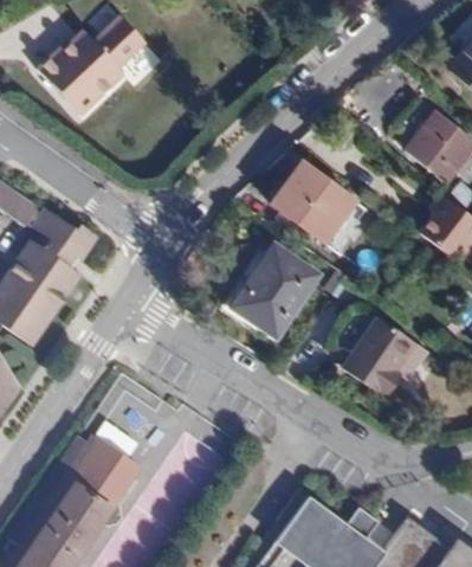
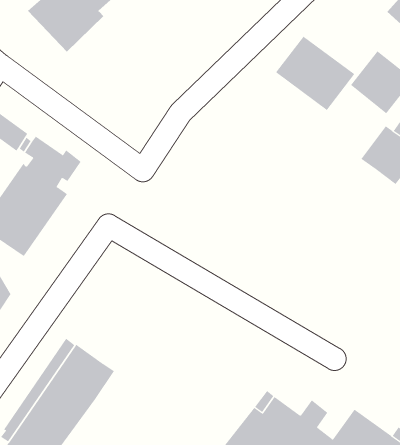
building: [272,167,363,252] -> [275,36,355,111]
building: [227,243,317,339] -> none
building: [341,317,426,395] -> none

